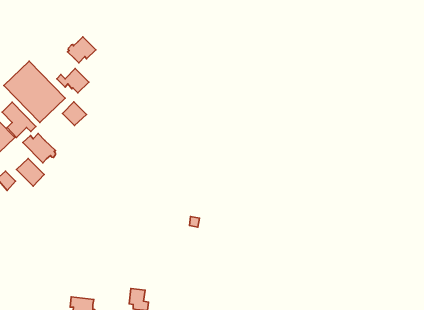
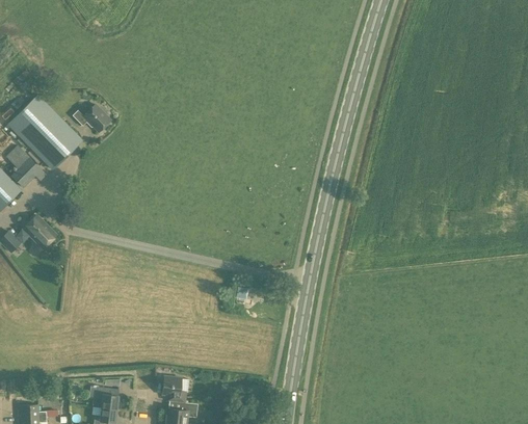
building: [67,37,96,63] -> none
building: [62,102,86,126] -> none
building: [23,134,56,163] -> none

